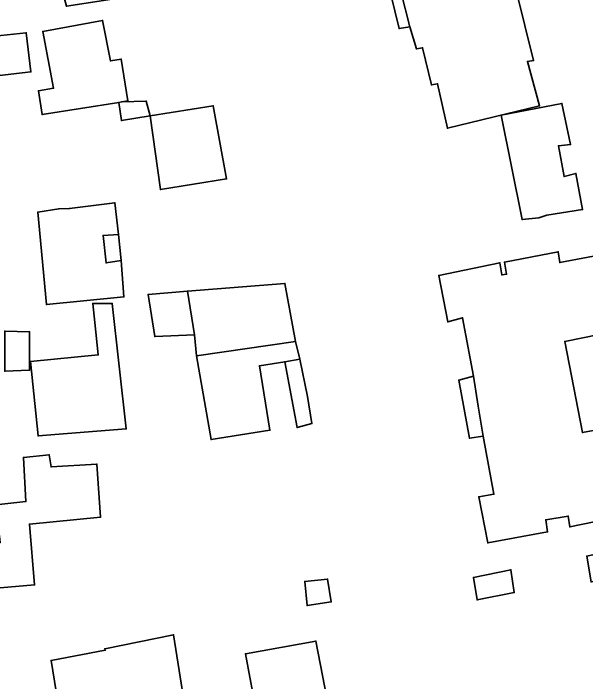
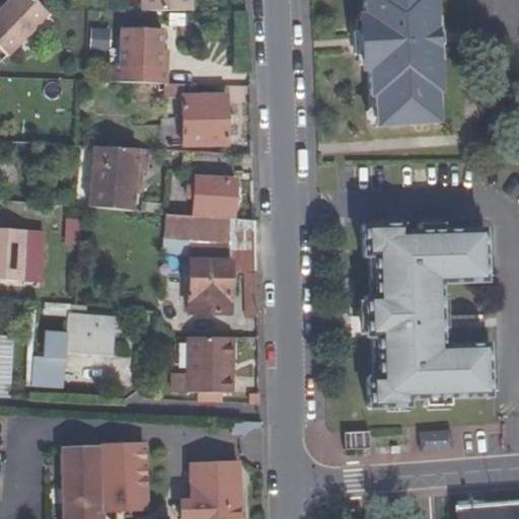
building: [501,103,583,219] -> none
building: none -> [191,172,238,212]
building: [31,304,126,436] -> none
building: none -> [181,336,237,392]

